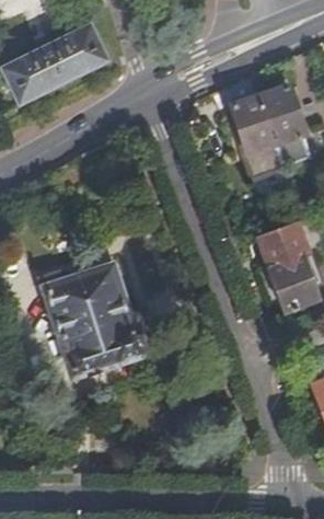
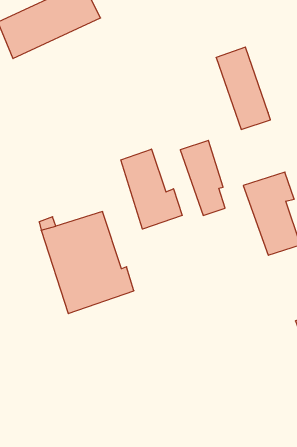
building: [261,83,308,162] -> [180,140,225,215]
building: none -> [121,149,182,229]

